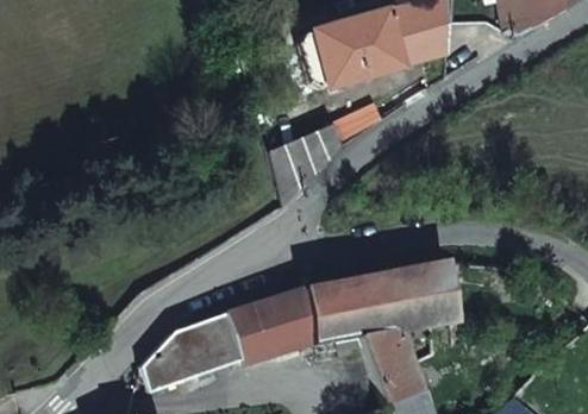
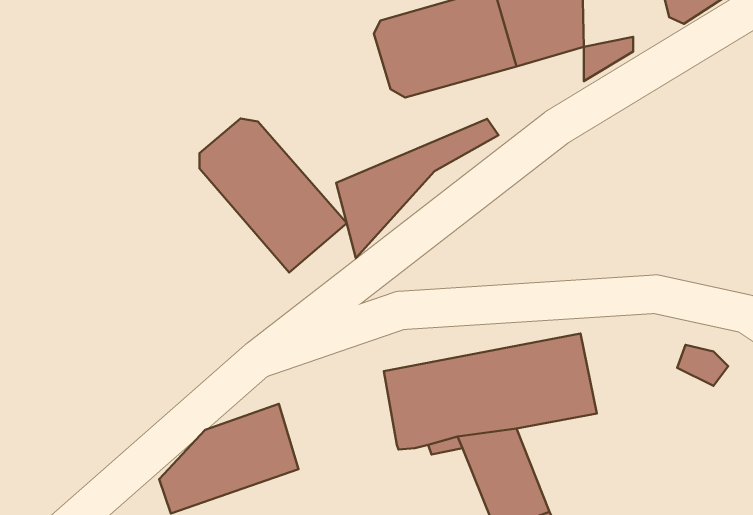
building: none -> [200,118,347,273]
building: [229,287,314,363] -> none

